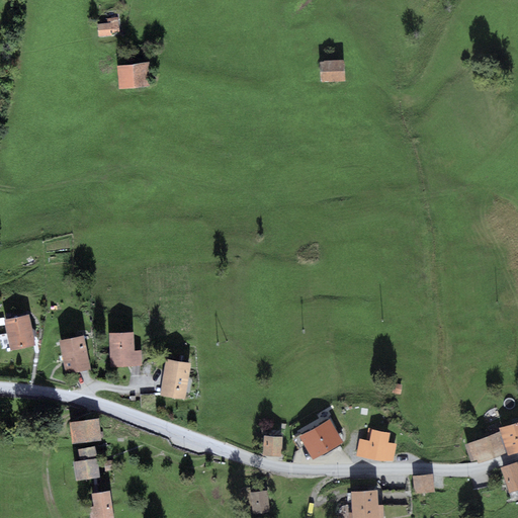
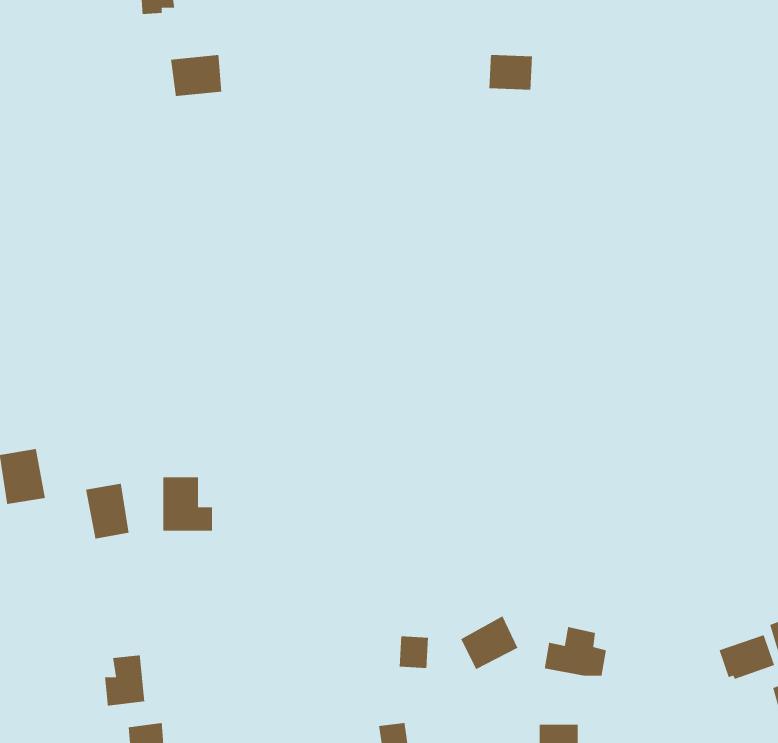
building: [161,358,191,399] -> none
building: [70,418,101,441] -> none
building: [411,472,433,493] -> none

